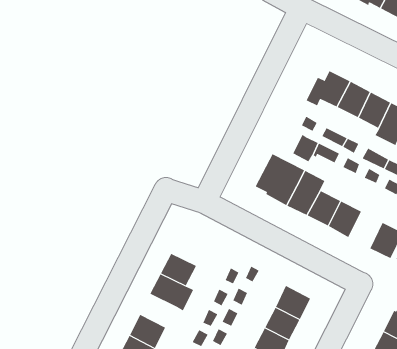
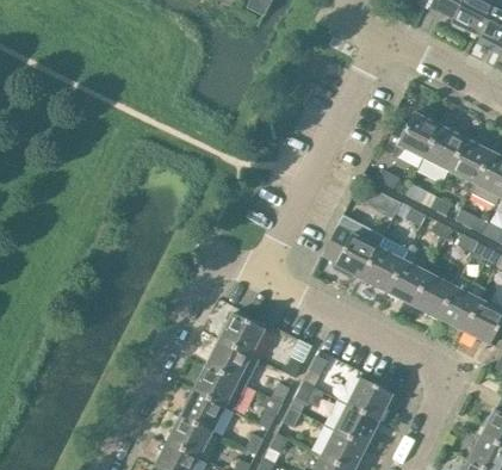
building: none -> [438,287,479,333]
building: none -> [218,313,264,354]
building: none -> [180,389,225,431]

